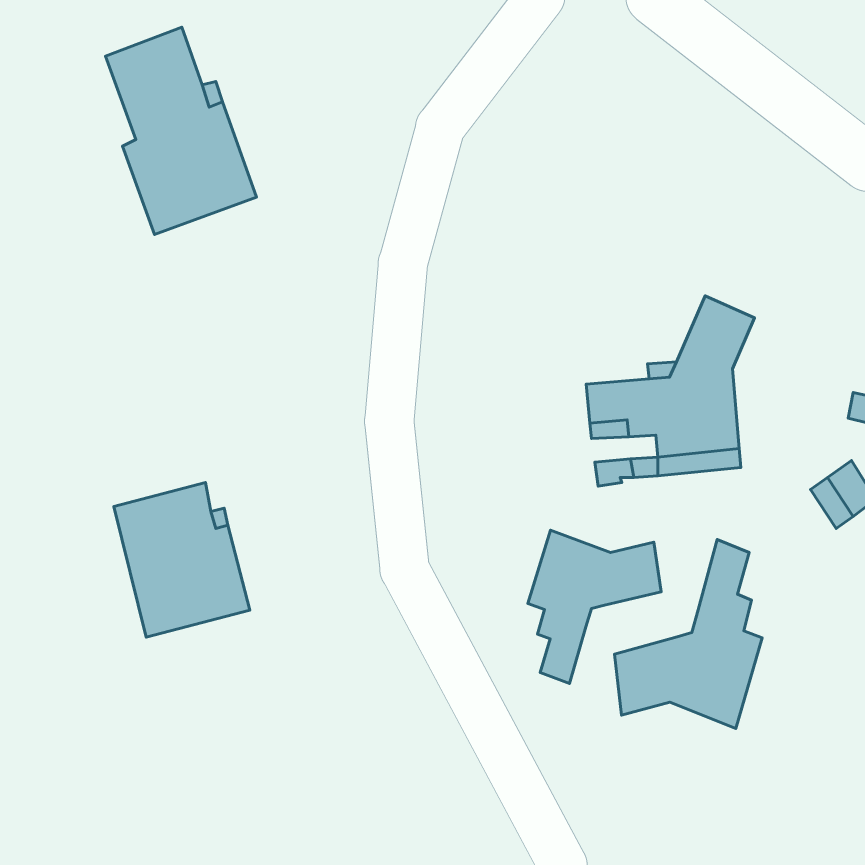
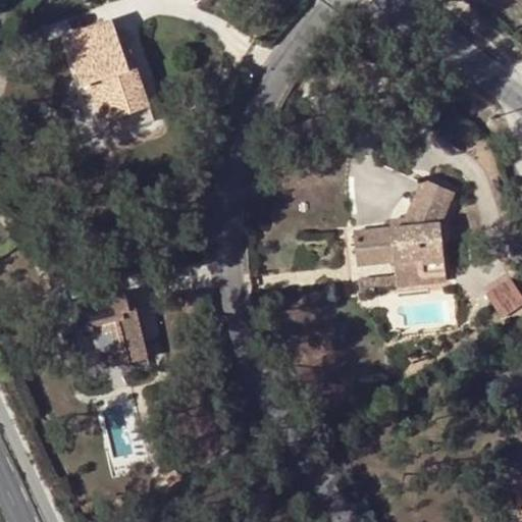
building: [528,530,661,684] -> none
building: [614,540,762,729] -> none

